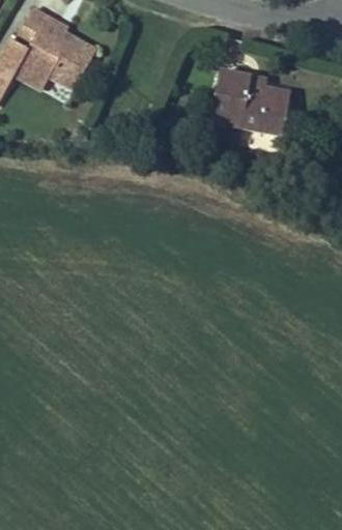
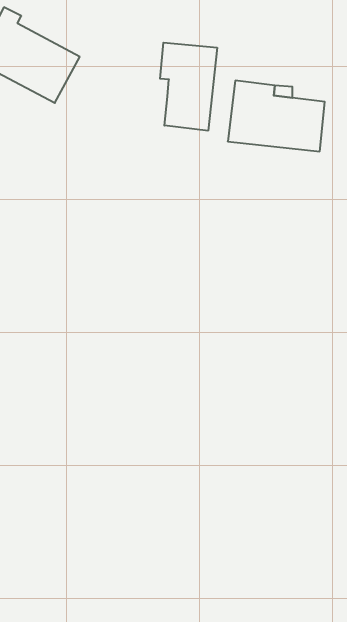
building: none -> [160,43,217,131]

